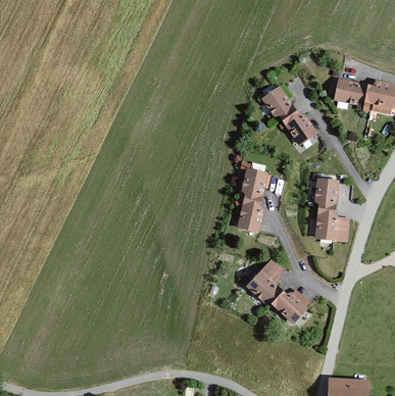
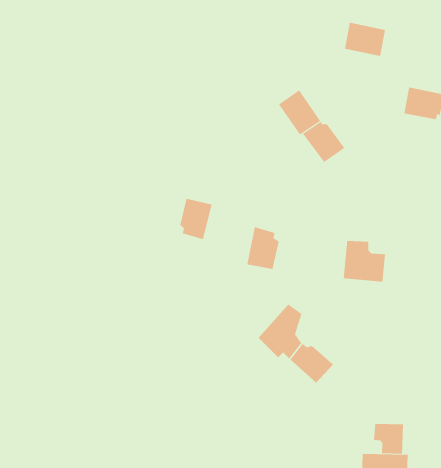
building: [334,78,367,105] -> [344,22,386,56]
building: [241,167,267,201] -> [179,198,212,240]
building: [314,178,338,208] -> none
building: none -> [374,423,403,454]

